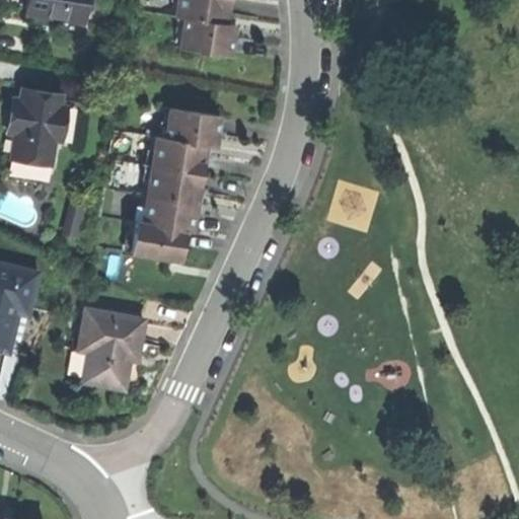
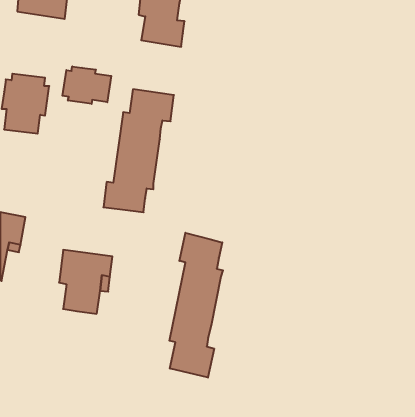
building: none -> [62,66,111,104]
building: none -> [169,233,223,378]

